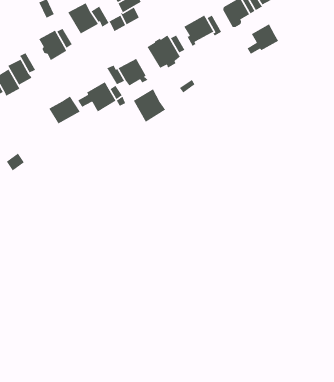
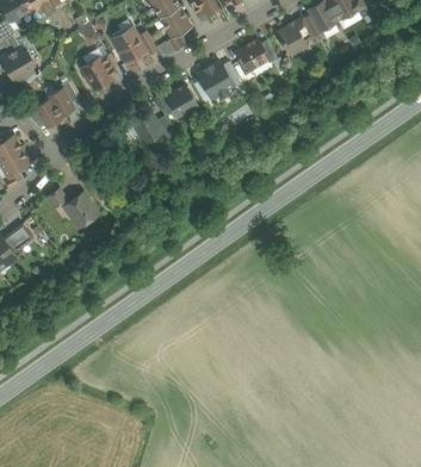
building: [247,24,279,55] -> none
building: [133,89,166,123] -> none
building: [49,95,81,125] -> none
building: none -> [63,193,97,228]

